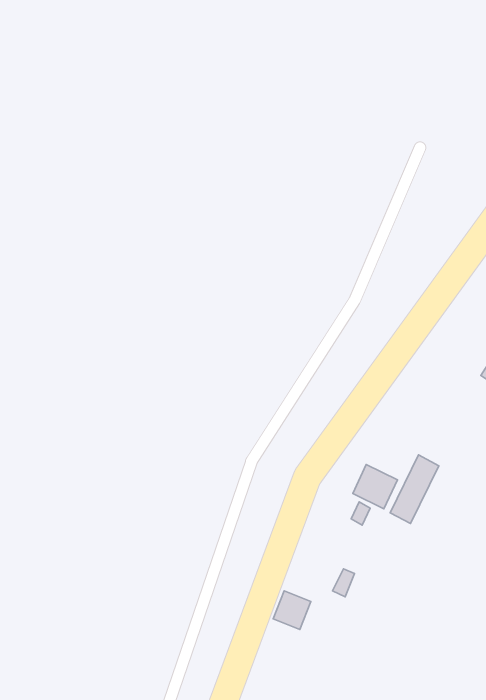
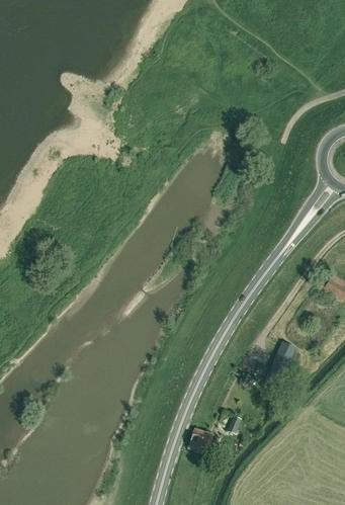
building: [353,465,397,509] -> none

